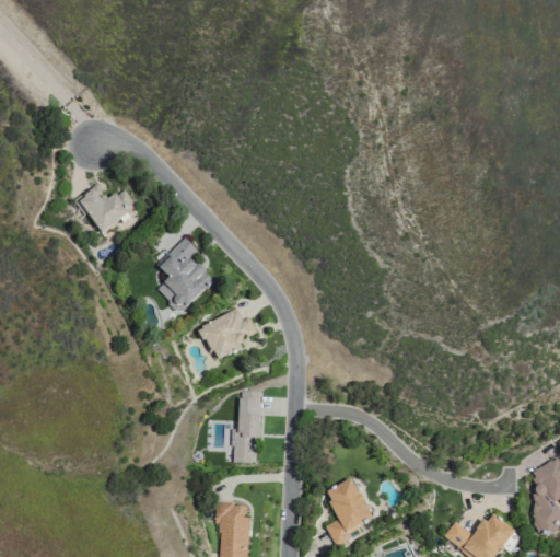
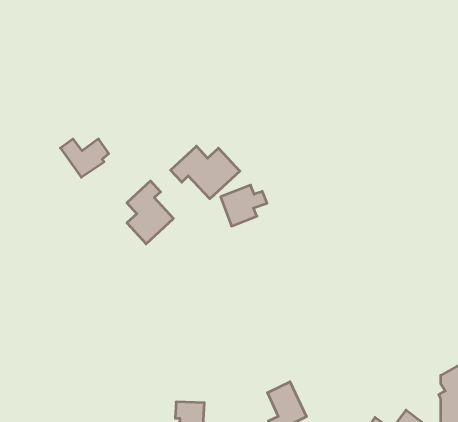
building: none -> [171,146,240,199]
building: [201,310,257,359] -> [221,185,267,226]
building: [232,390,261,462] -> none

